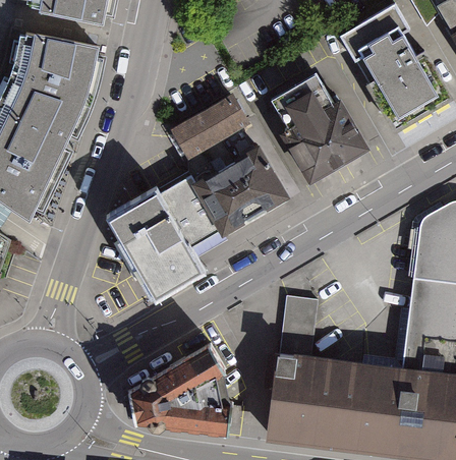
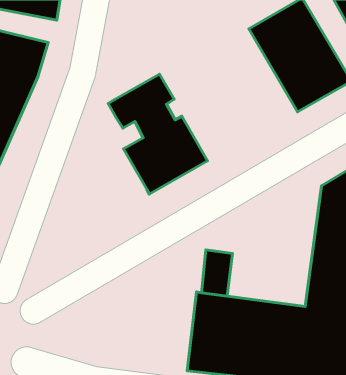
building: [281,84,370,180] -> none
building: [111,175,216,295] -> none
building: [125,349,233,434] -> none

